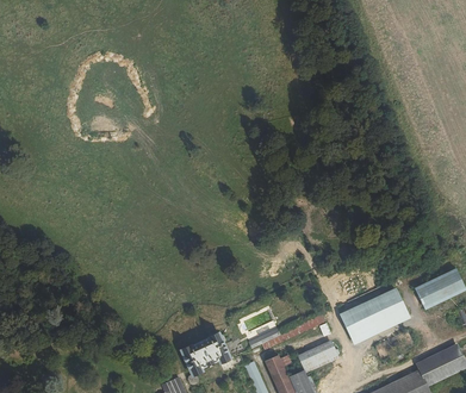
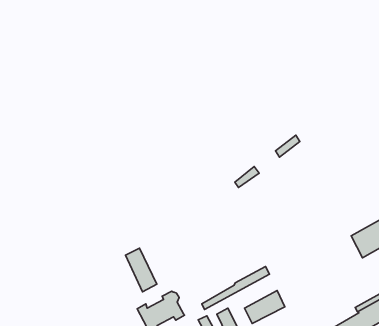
building: none -> [125,248,157,292]
building: [340,286,410,343] -> none

